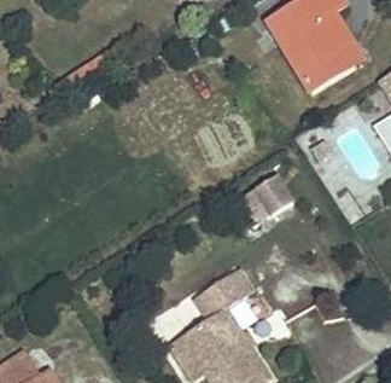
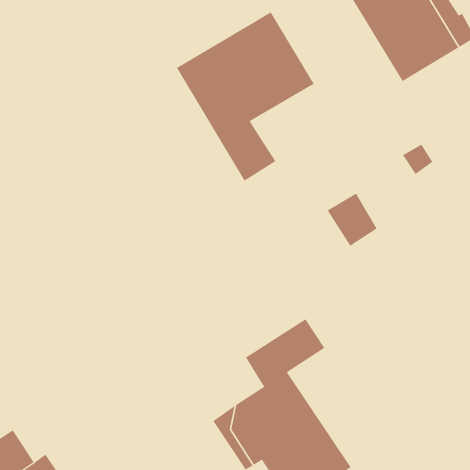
building: none -> [176,11,314,182]

